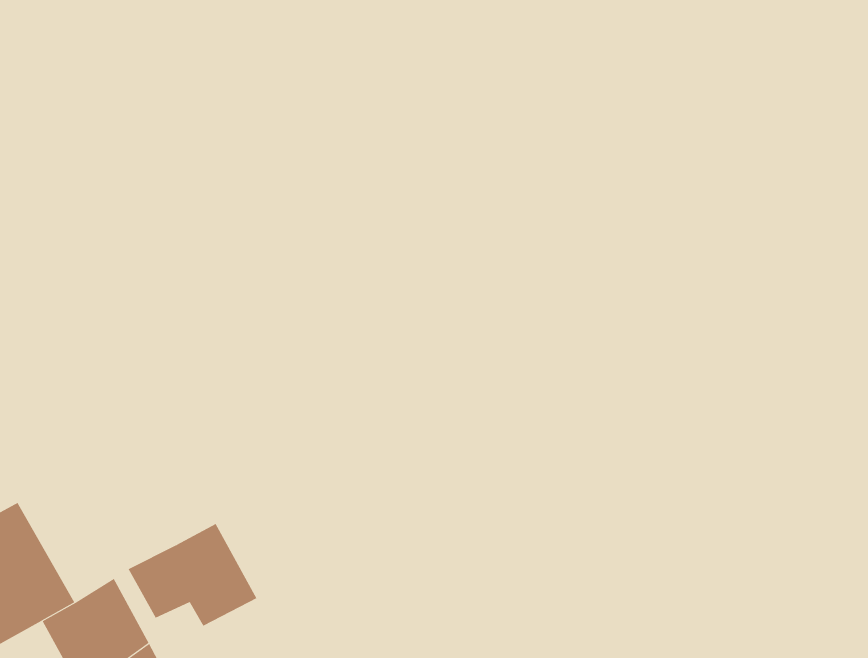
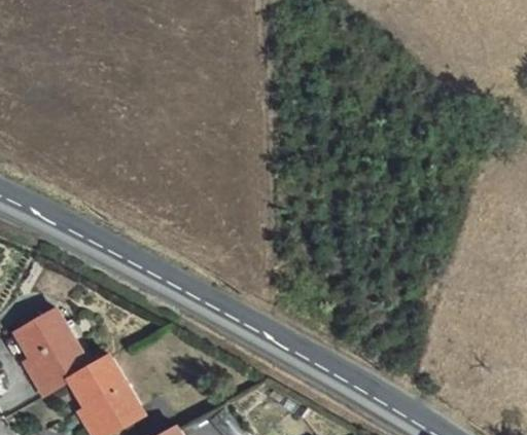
building: [128,523,257,627] -> none

